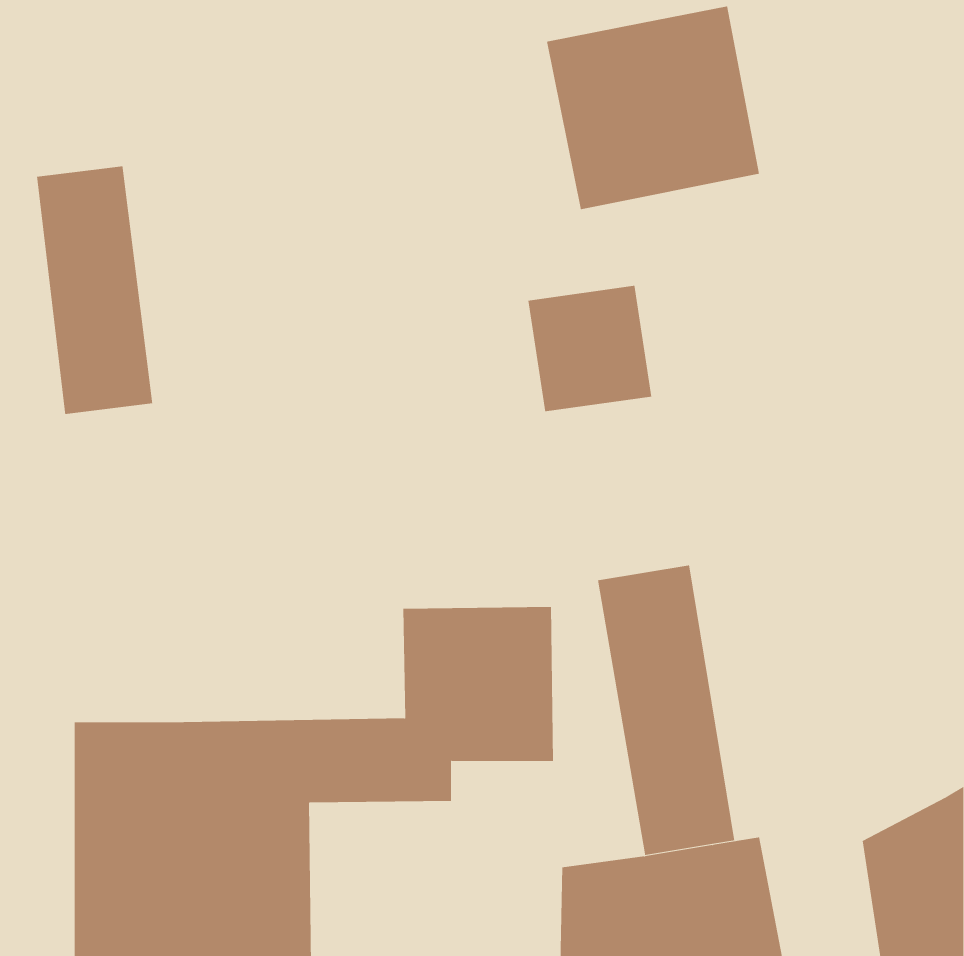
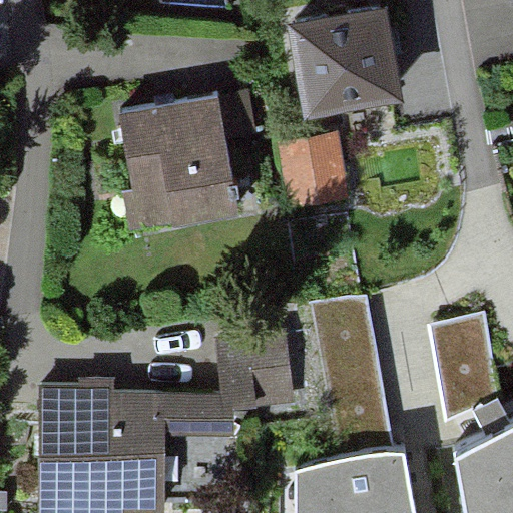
building: [37,166,153,415] -> none
building: none -> [122,102,235,227]
building: none -> [434,317,496,415]

